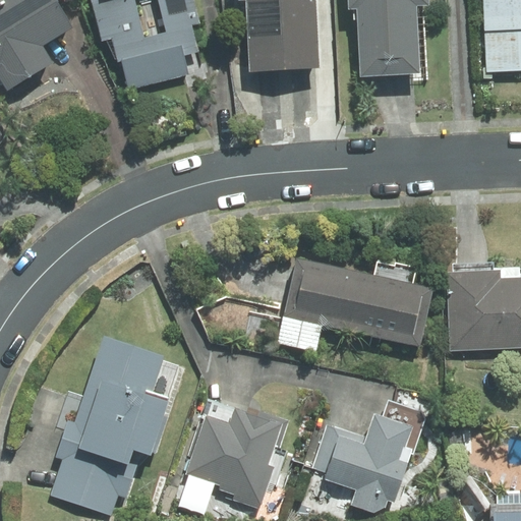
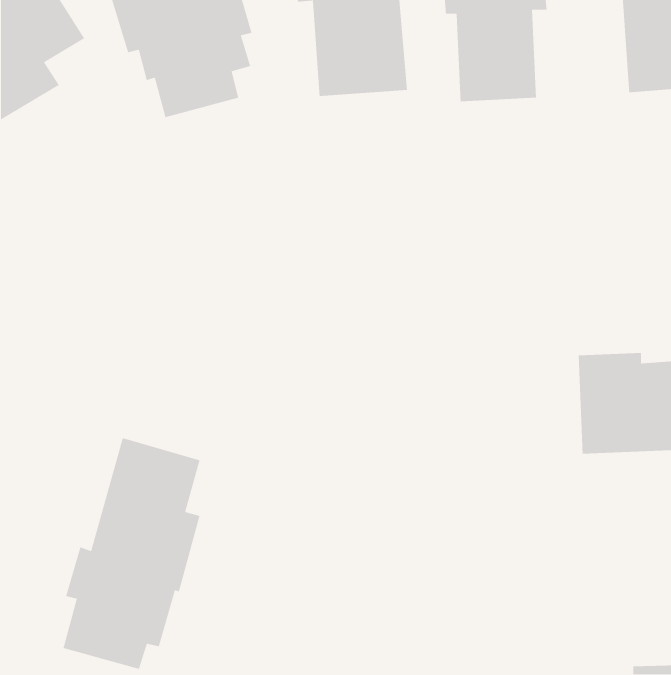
building: [277,257,430,350] -> none
building: [186,411,290,507] -> none
building: [314,415,409,510] -> none

